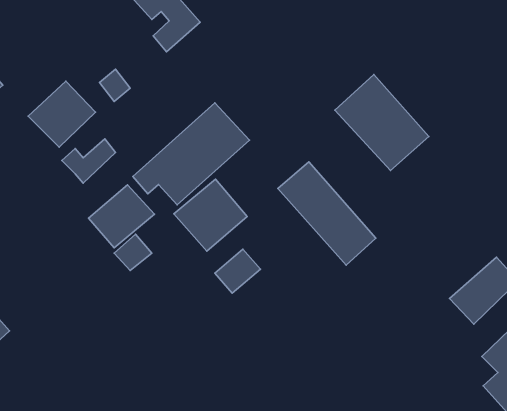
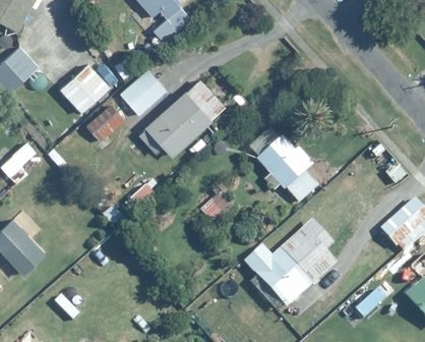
building: [335,75,429,170] -> none
building: [174,179,247,251] -> none
building: [89,185,154,248] -> [119,68,169,116]
building: none -> [243,218,336,308]

